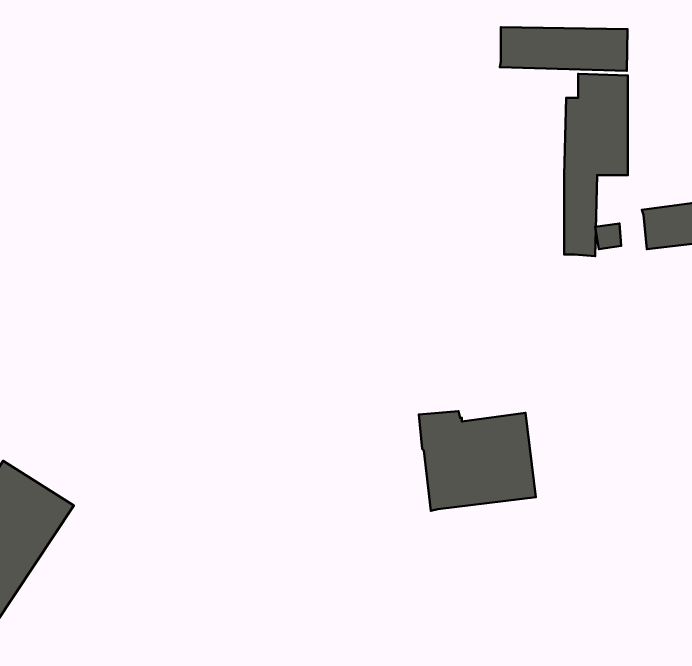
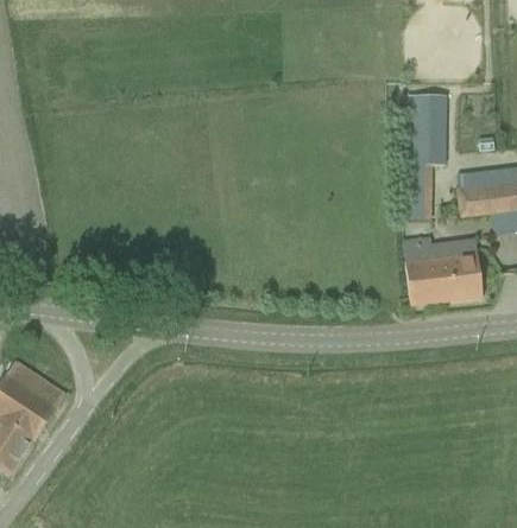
building: [500,27,628,71] -> none
building: [419,411,536,511] -> [402,236,483,305]

